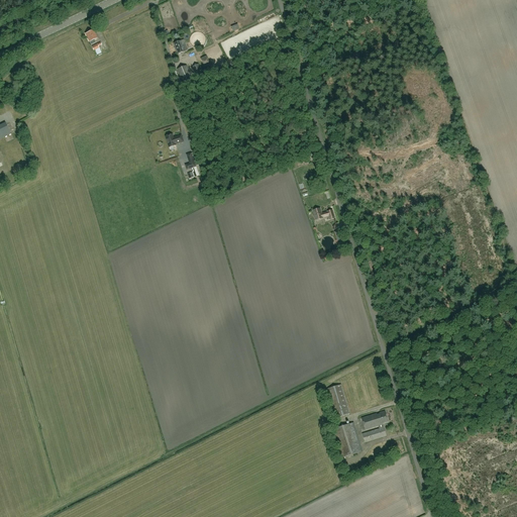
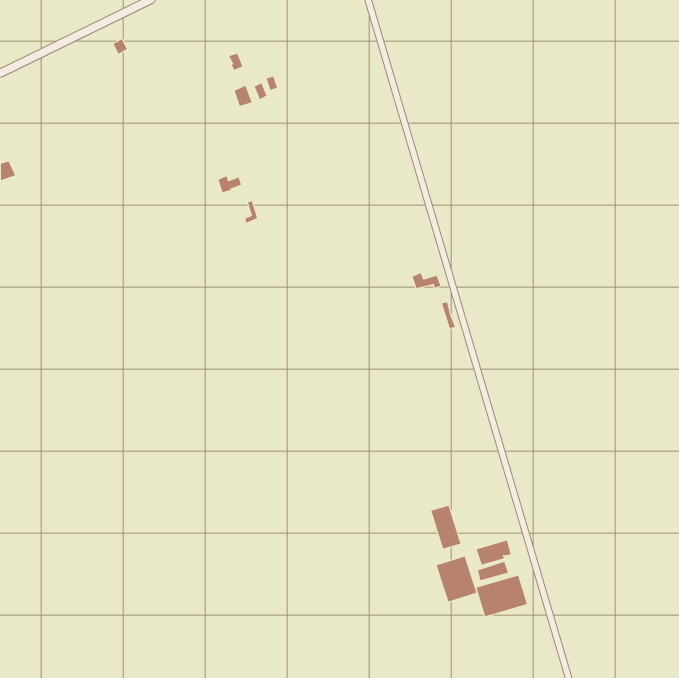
building: none -> [476,575,527,617]

